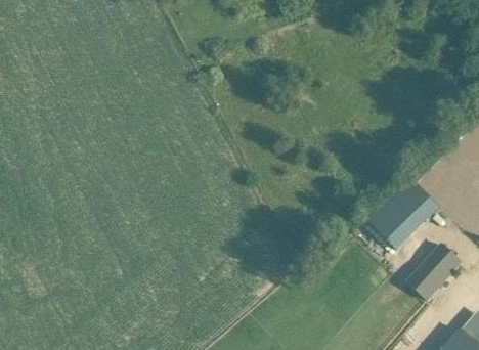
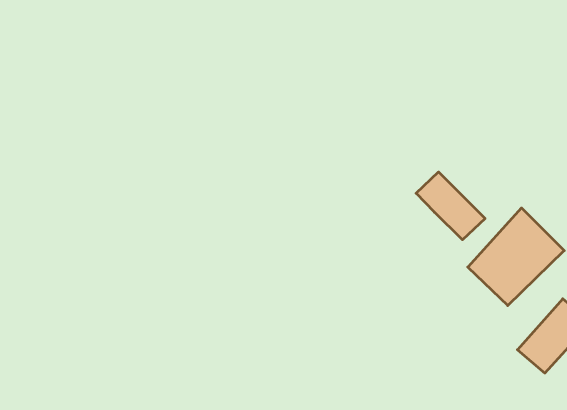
building: none -> [416,172,485,240]

